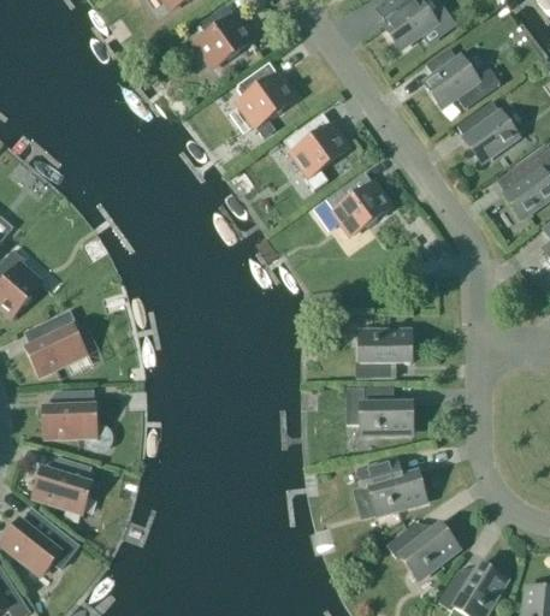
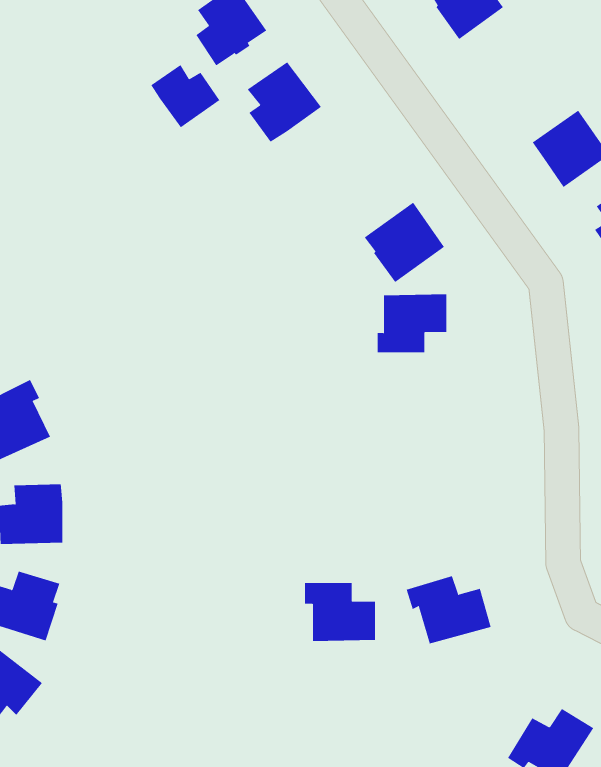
building: [426,48,501,109] -> none
building: none -> [150,64,220,128]
building: [284,113,348,186] -> none
building: [356,332,410,378] -> [377,294,447,353]
building: [356,387,412,433] -> [304,582,376,642]
building: [386,522,459,578] -> none

